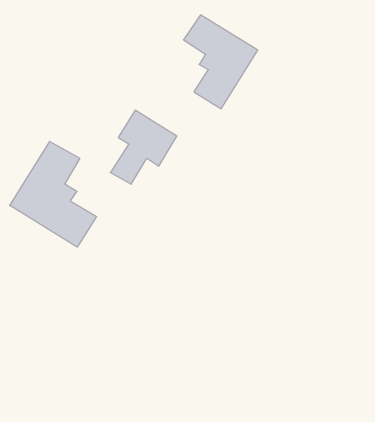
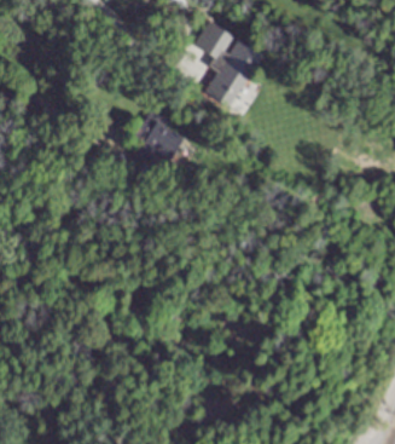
building: [10,141,96,247] -> none

